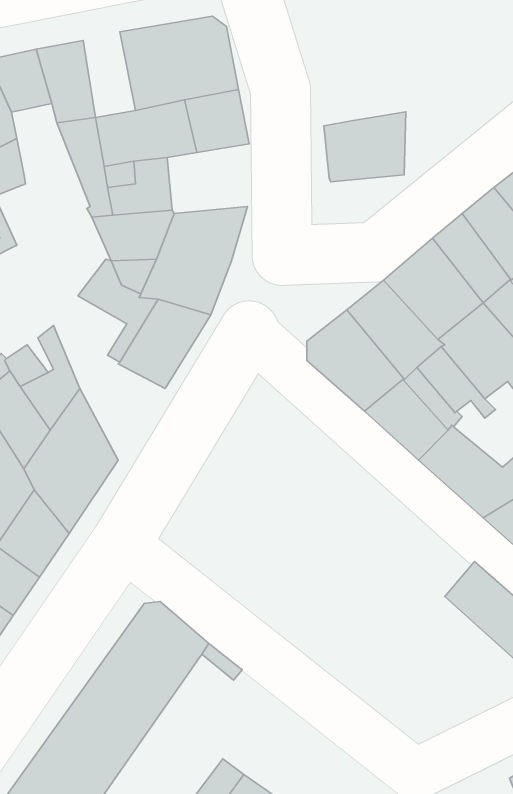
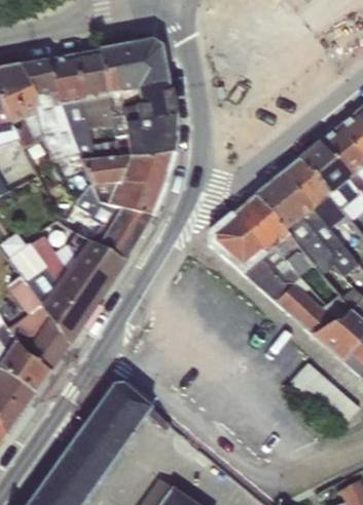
building: none -> [77,49,108,100]
building: none -> [35,91,81,160]
building: [324,112,406,182] -> [126,115,175,156]
building: none -> [60,222,125,301]

